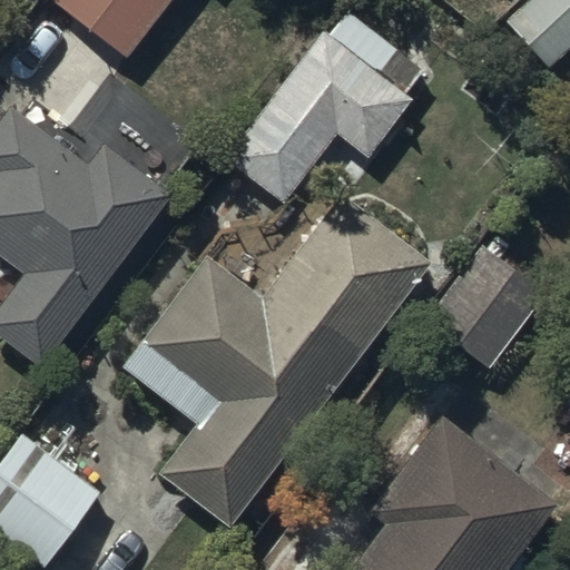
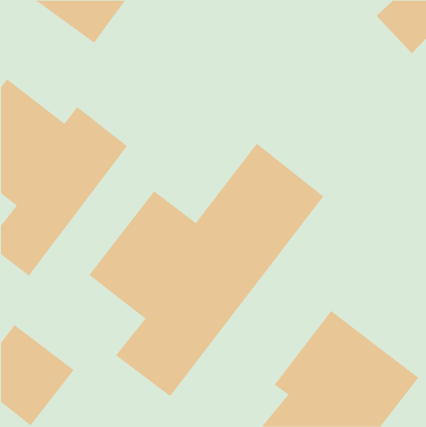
building: [223,8,426,203] -> none
building: [420,238,546,368] -> none

